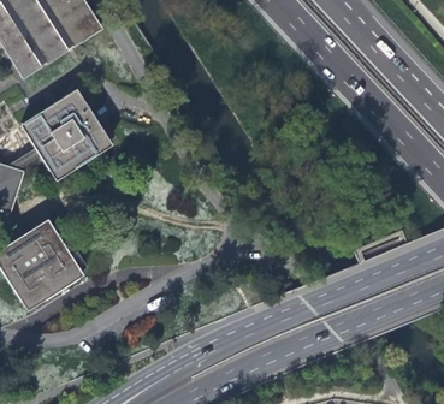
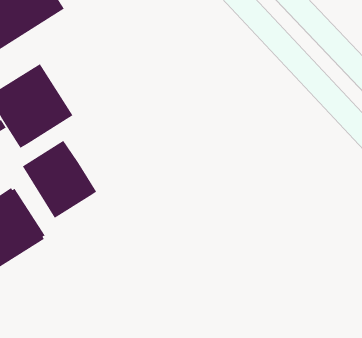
building: none -> [22,140,97,219]

